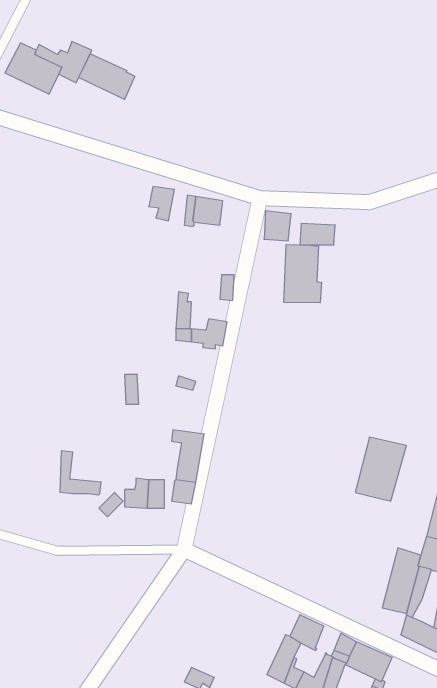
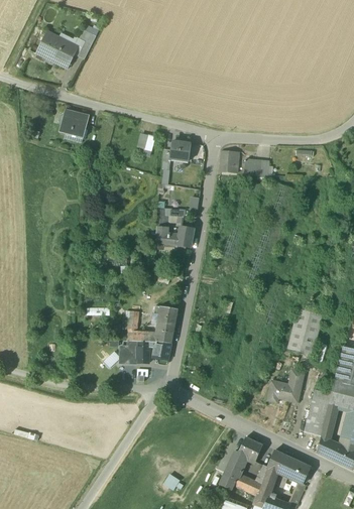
building: [79,54,135,100] -> none
building: none -> [58,110,90,138]
building: [284,245,322,303] -> none
building: [60,451,101,495] -> [129,310,158,342]
building: none -> [267,369,304,402]

